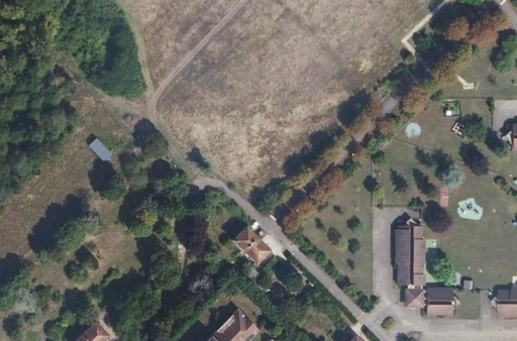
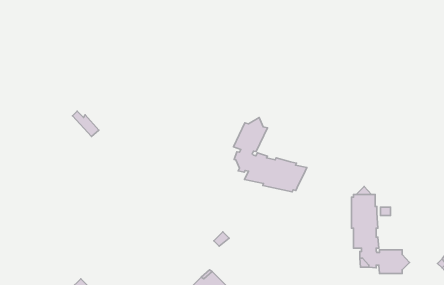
building: none -> [233,118,307,192]
building: [233,227,271,264] -> none

